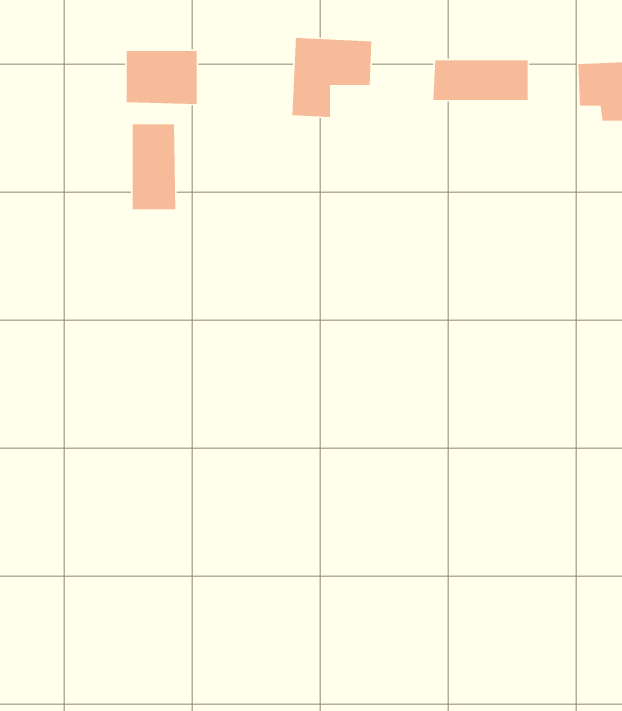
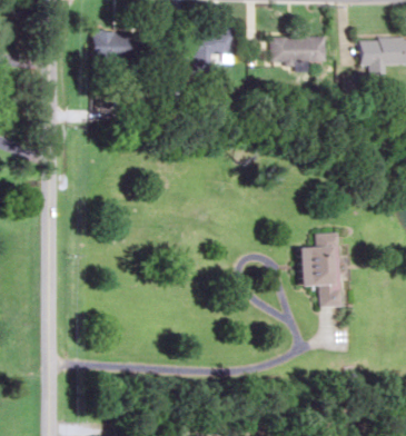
building: [132,123,176,210] -> none
building: none -> [296,232,341,307]

